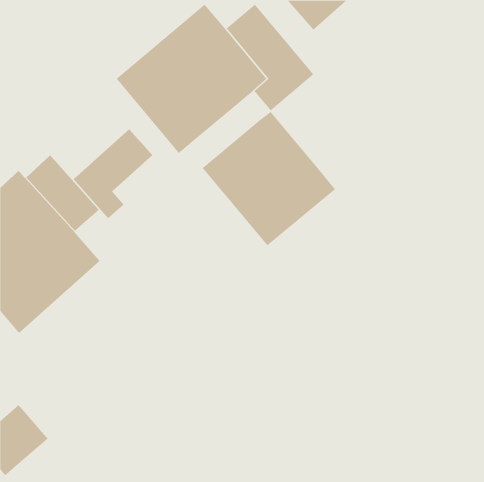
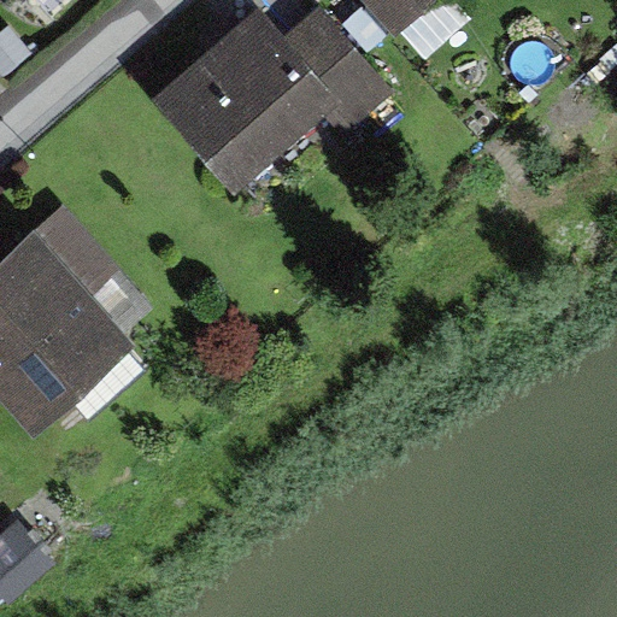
building: [202,111,336,246] -> none
building: [73,129,153,219] -> none

